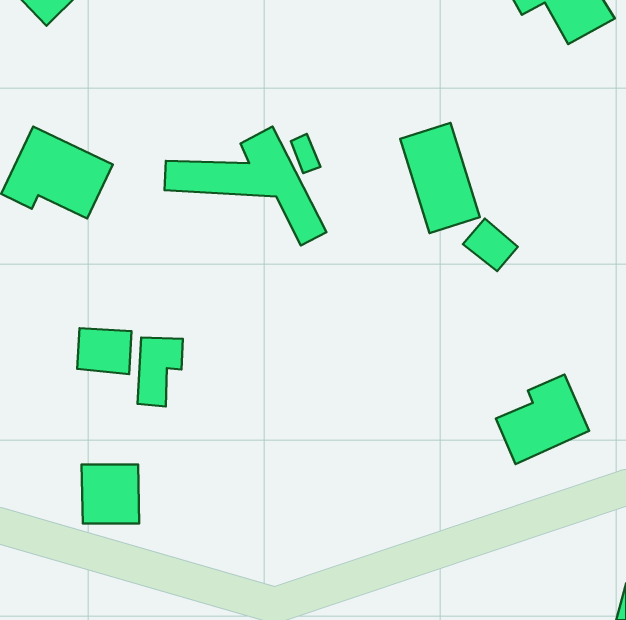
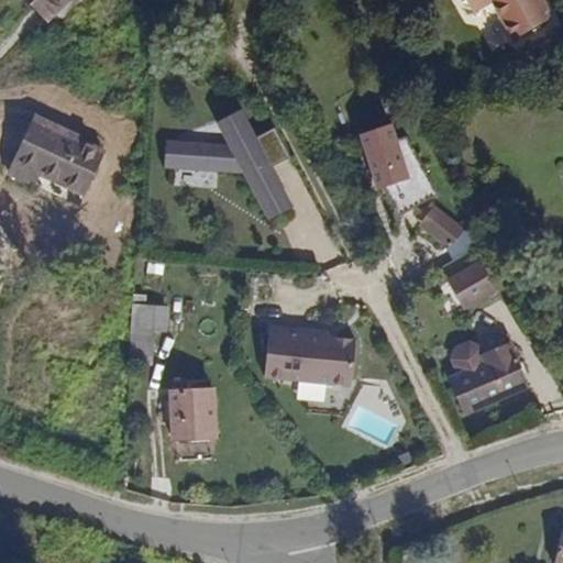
building: none -> [452,273,496,314]
building: [77,328,131,374] -> none
building: none -> [265,329,354,380]
building: [82,465,139,524] -> [167,380,219,433]

